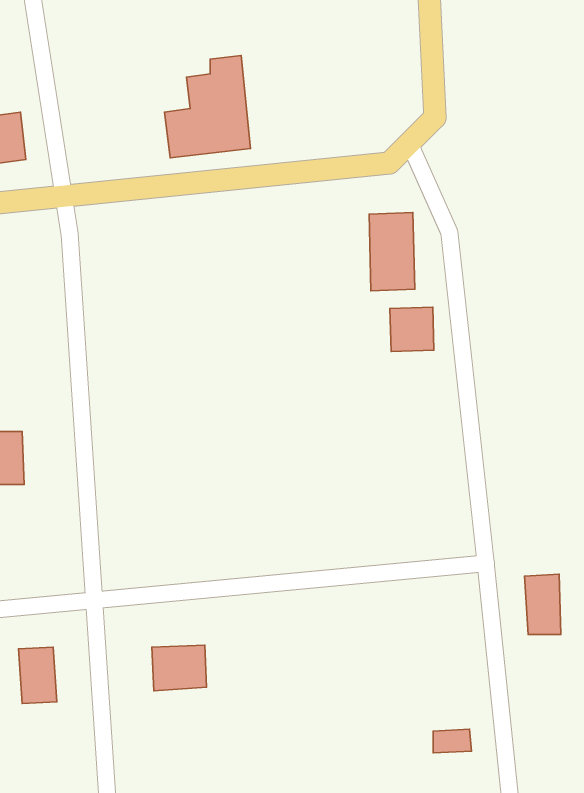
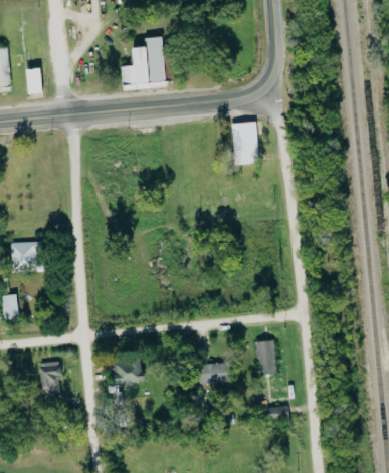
building: [390,307,434,352] -> none
building: [524,574,561,635] -> [255,340,275,374]
building: none -> [198,363,226,382]

